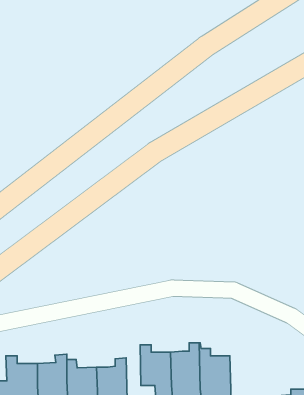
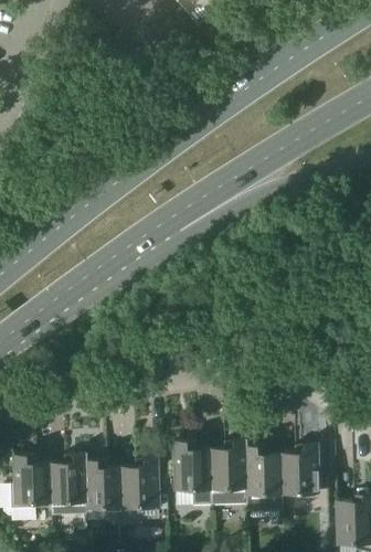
building: none -> [282,443,319,493]

